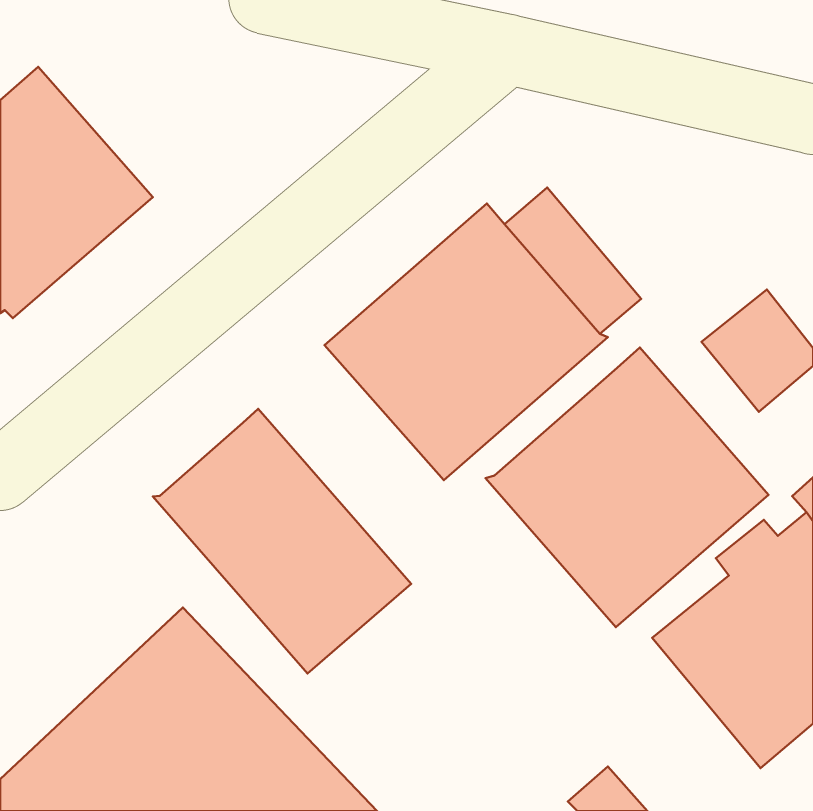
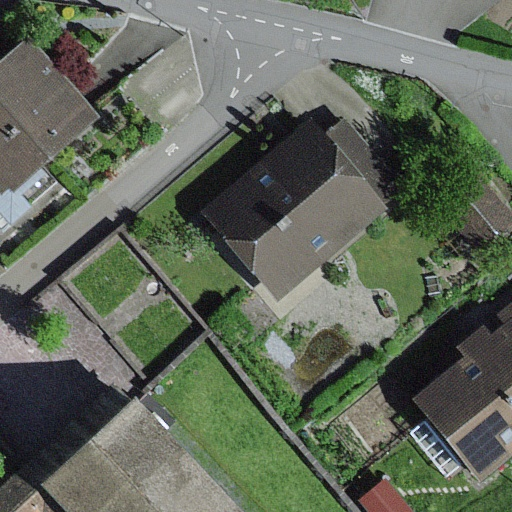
building: [486,348,769,627] -> none
building: [153,409,411,673] -> none

